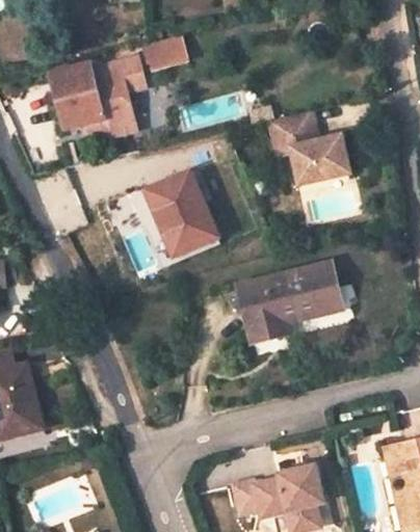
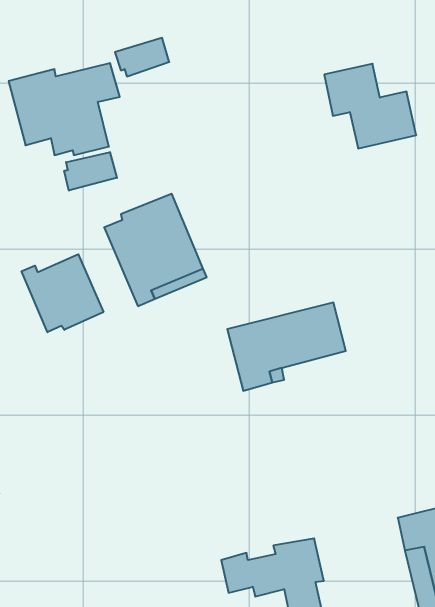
building: [269,109,348,182] -> [324,64,416,148]
building: none -> [64,152,117,191]
building: none -> [22,254,103,332]

